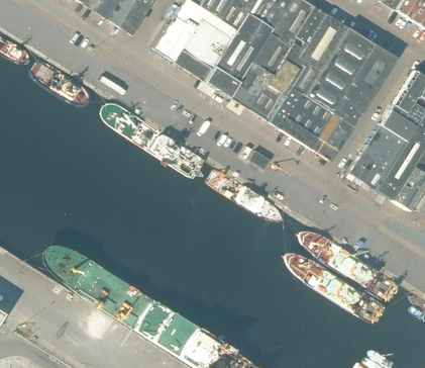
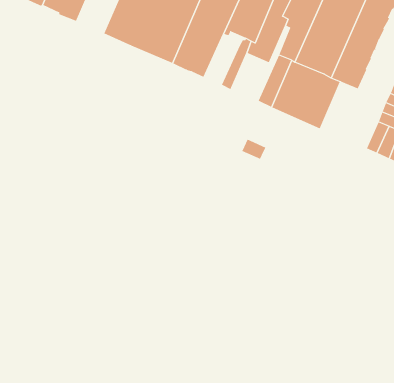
building: [229,63,268,104] -> none
building: [249,82,284,120] -> none
building: [316,116,351,160] -> none

